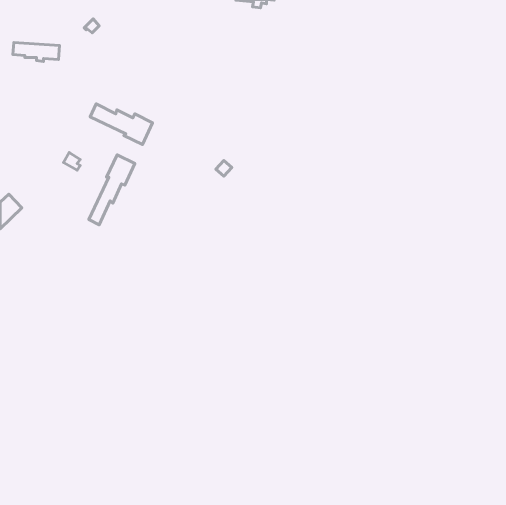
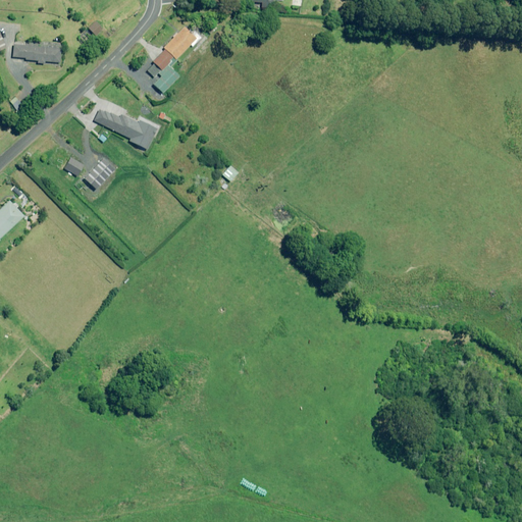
building: none -> [146,25,201,94]
building: [89,155,135,225] -> none

